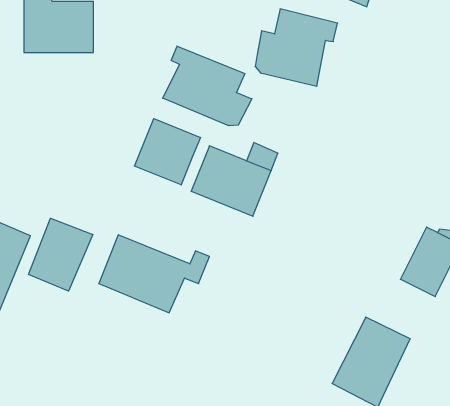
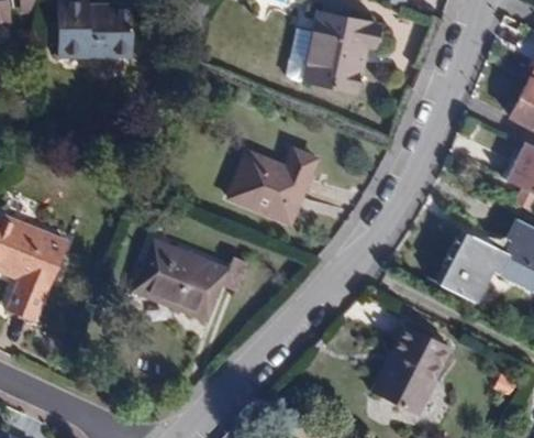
building: [163,46,252,126] -> none
building: [135,119,200,185] -> none
building: [28,218,93,291] -> none

